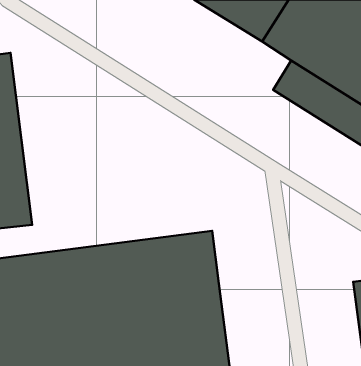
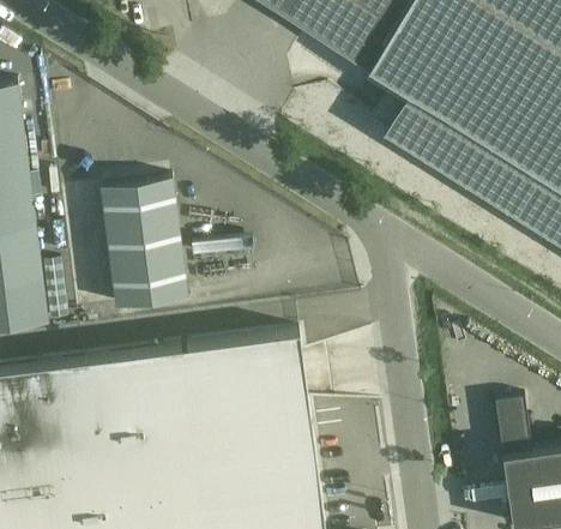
building: none -> [99,180,188,309]

